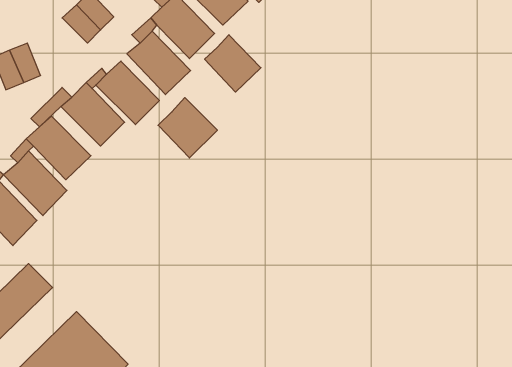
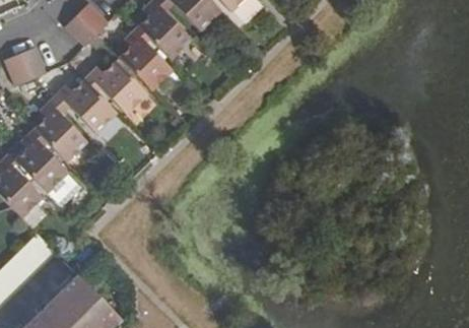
building: [205,35,261,92] -> none
building: [158,98,217,158] -> none

